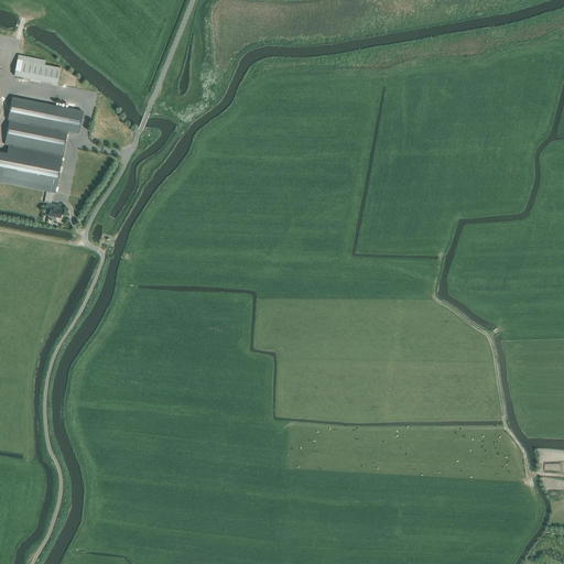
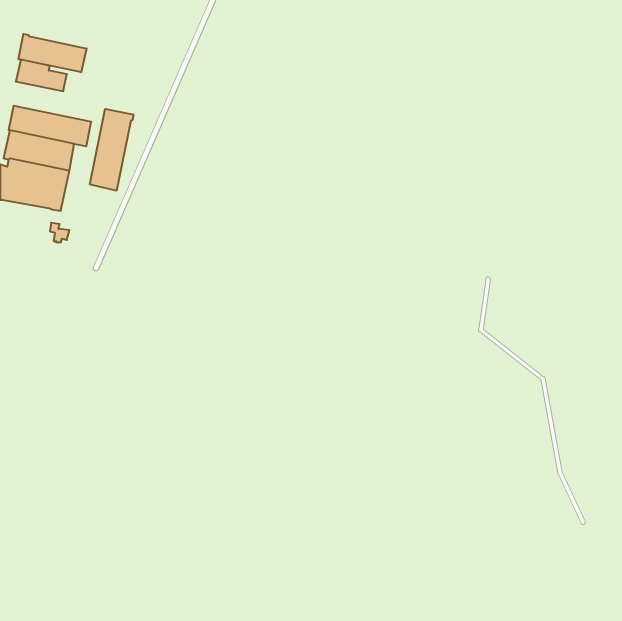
building: none -> [18,34,87,72]
building: none -> [90,109,133,191]

